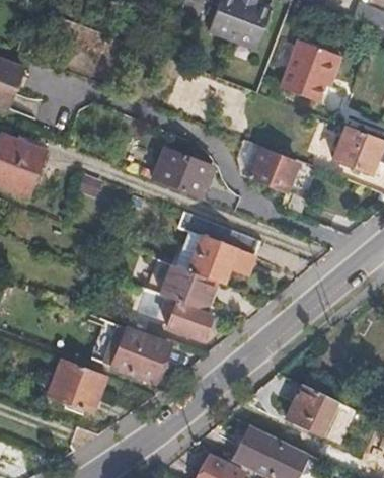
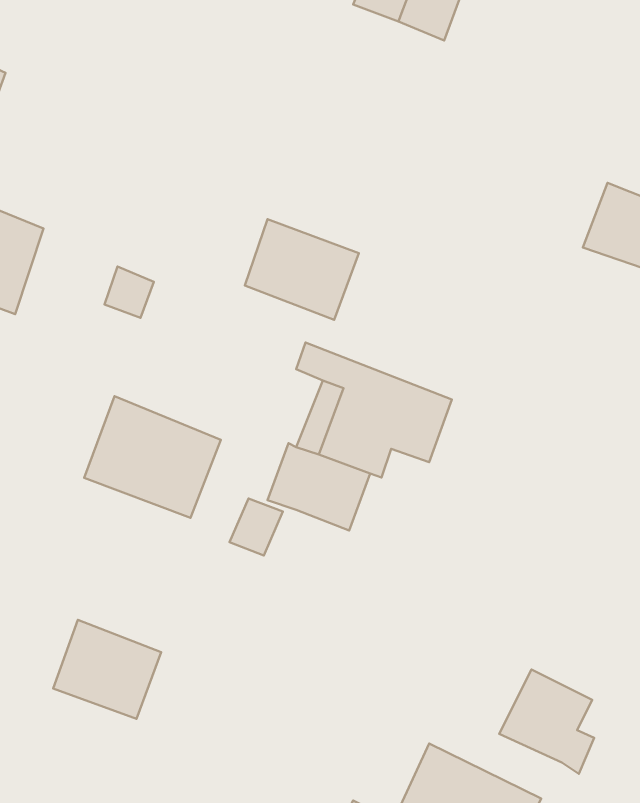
building: [281,38,342,104] -> none
building: [239,138,294,192] -> none
building: [169,300,213,341] -> none
building: [99,317,172,382] -> [84,396,221,518]

